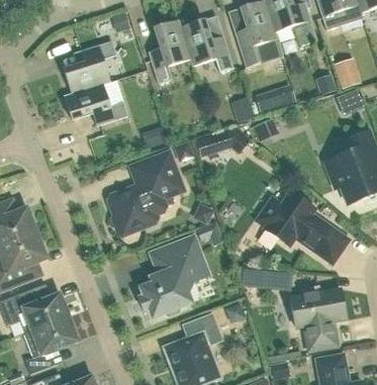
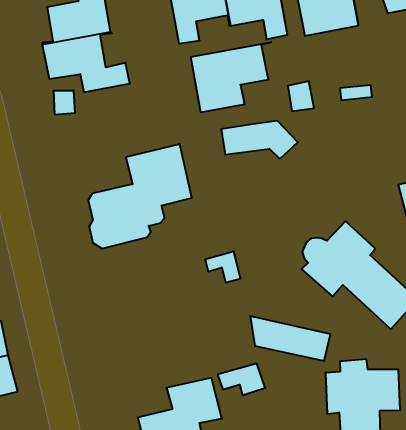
building: none -> [191,42,271,112]
building: [140,236,207,315] -> none

